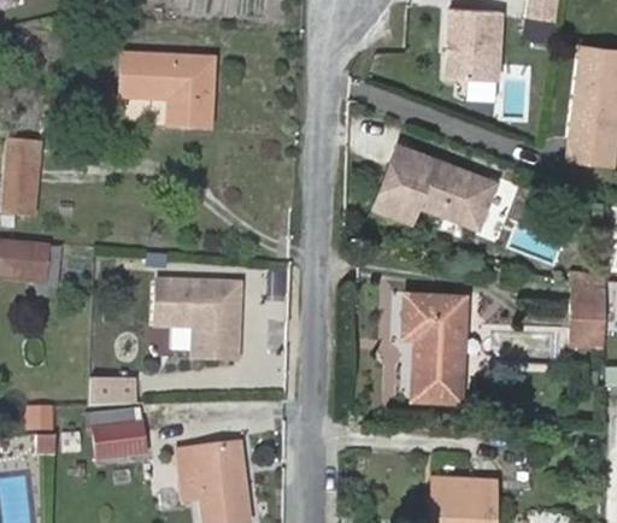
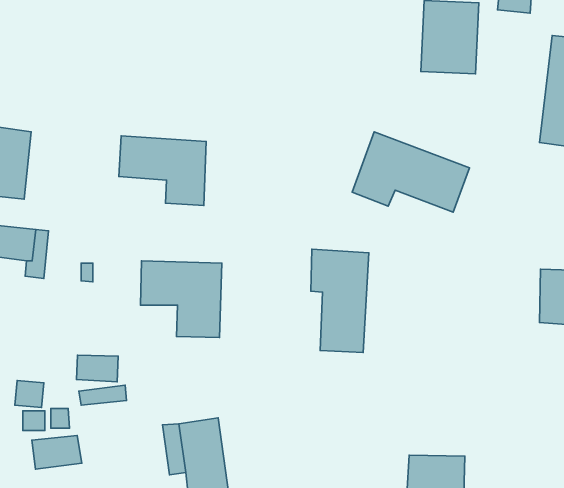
building: [119,53,210,125] -> [119,136,206,206]
building: [404,292,464,399] -> [311,249,369,353]
building: [93,423,145,458] -> [32,435,82,469]

